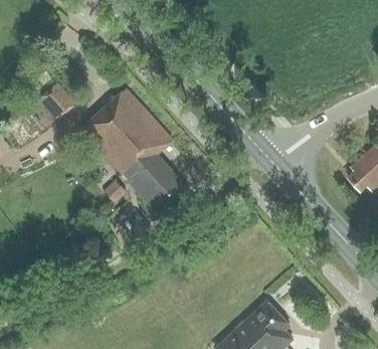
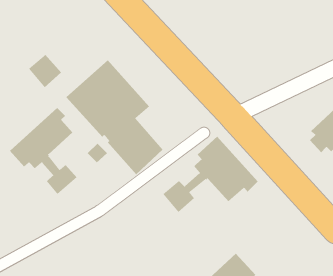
building: none -> [9,107,77,195]
building: none -> [162,136,258,213]

